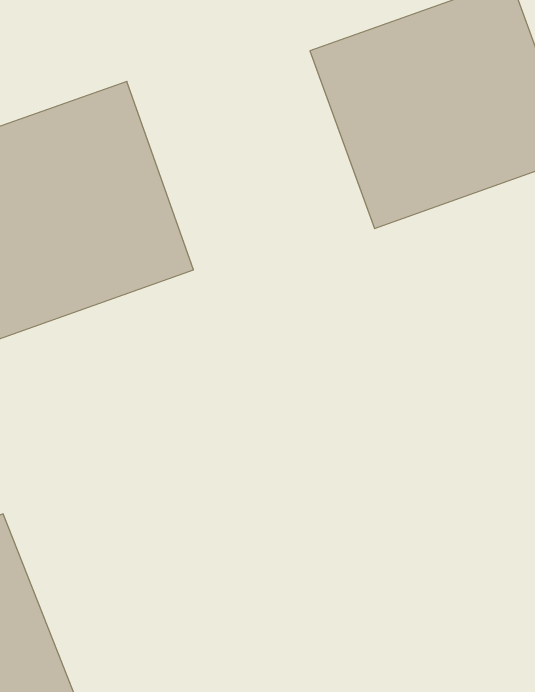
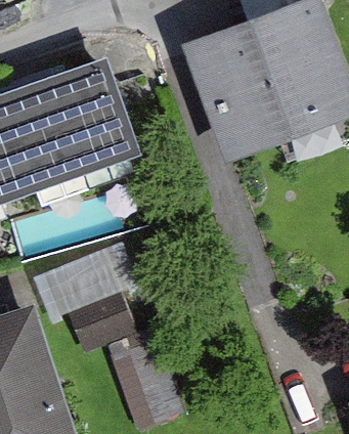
building: none -> [69,264,168,406]

